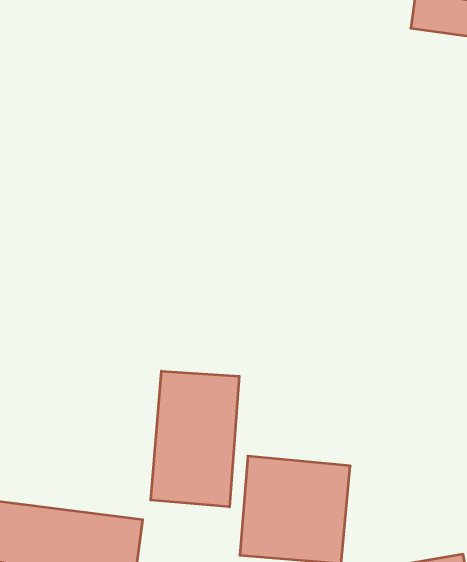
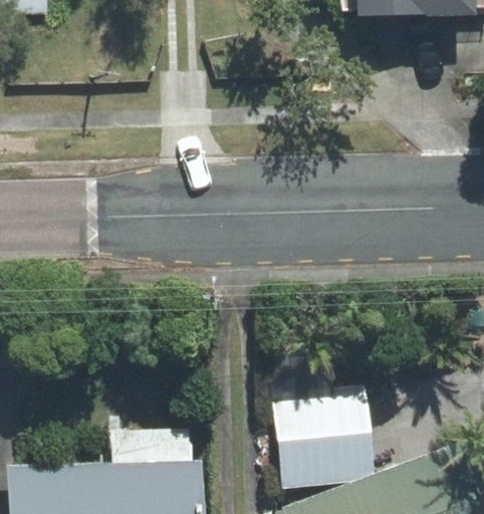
building: [151,371,239,507] -> none

